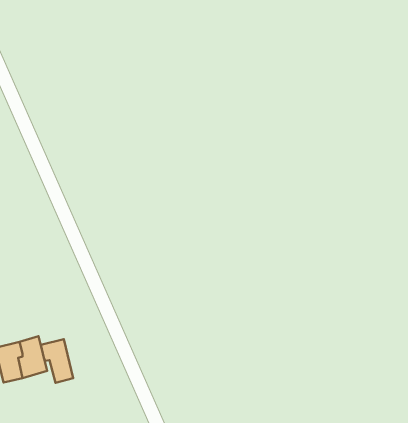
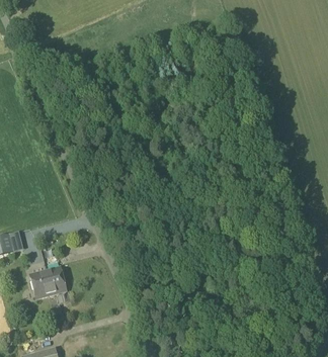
building: [41,339,73,383] -> none

